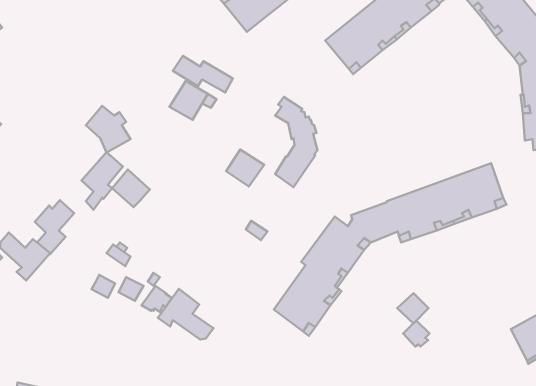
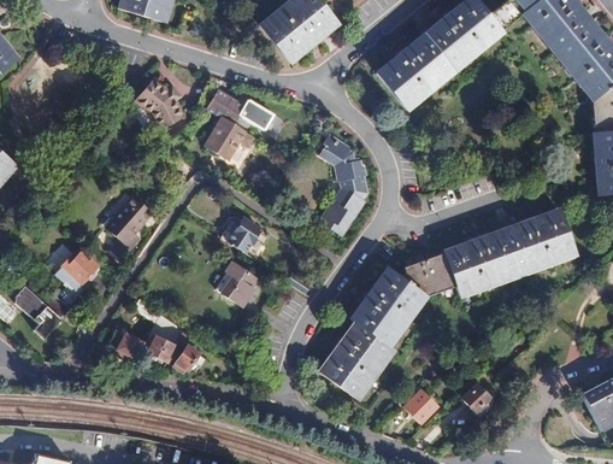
building: [86,106,130,152] -> [136,78,185,130]
building: [226,149,264,186] -> [228,217,270,258]
building: [112,169,150,207] -> none
building: none -> [217,262,258,306]
building: [158,289,213,339] -> none
building: [397,293,429,323] -> [403,389,438,423]

